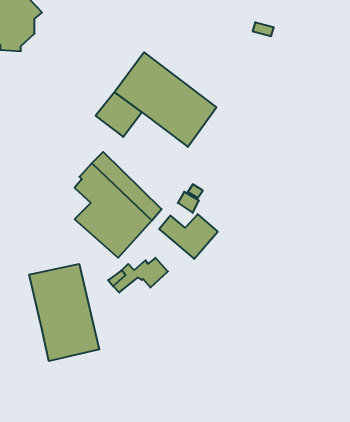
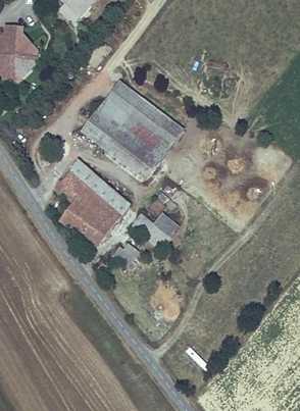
building: none -> [103,130,156,177]
building: [29,264,99,361] -> none

